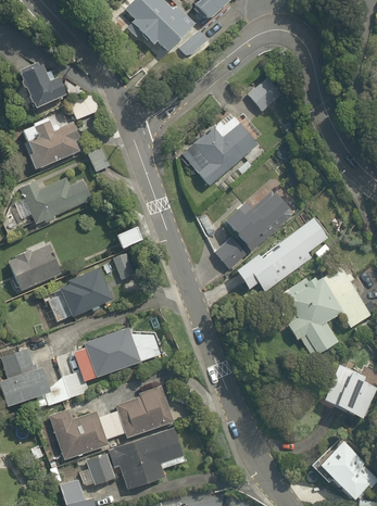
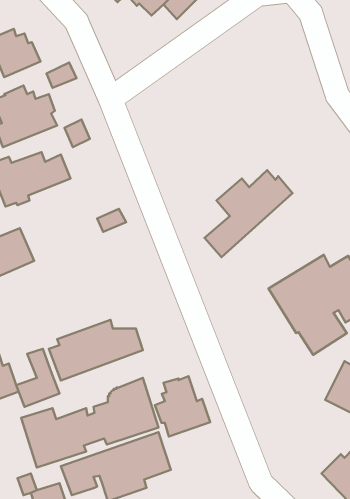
building: [246,78,277,111] -> none
building: [183,116,261,187] -> none
building: [236,218,330,292] -> none
building: [113,252,138,280] -> none
building: [42,268,112,322] -> none
building: none -> [155,376,210,437]

